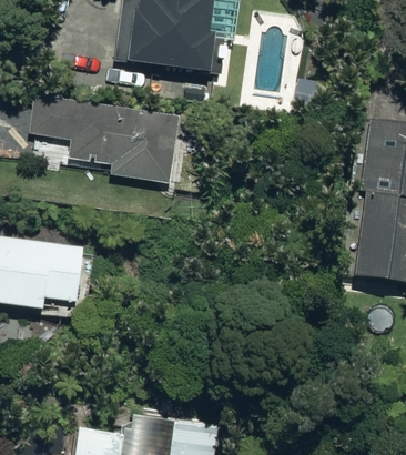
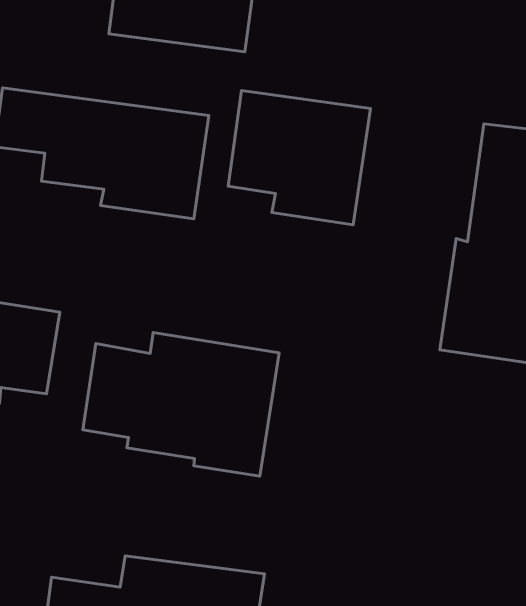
building: none -> [228,90,371,225]
building: none -> [83,333,279,476]

